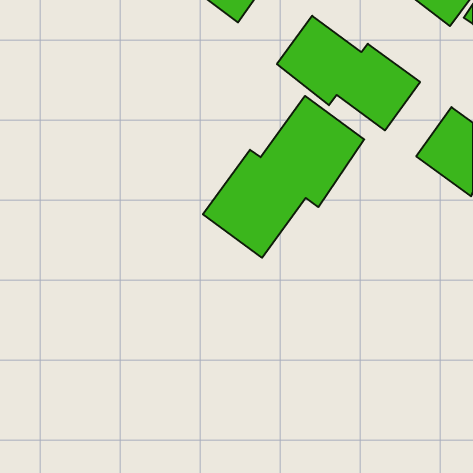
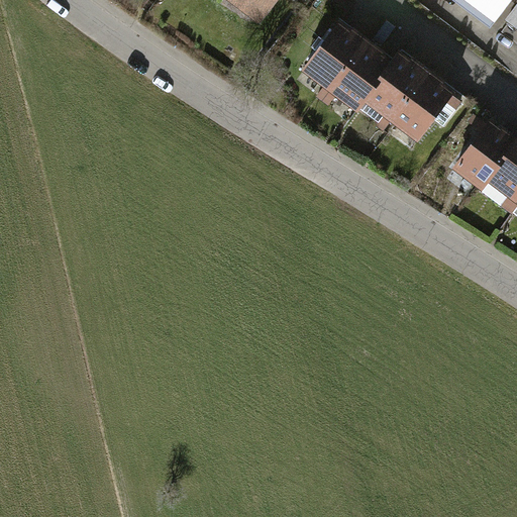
building: [203,96,364,258] -> none

